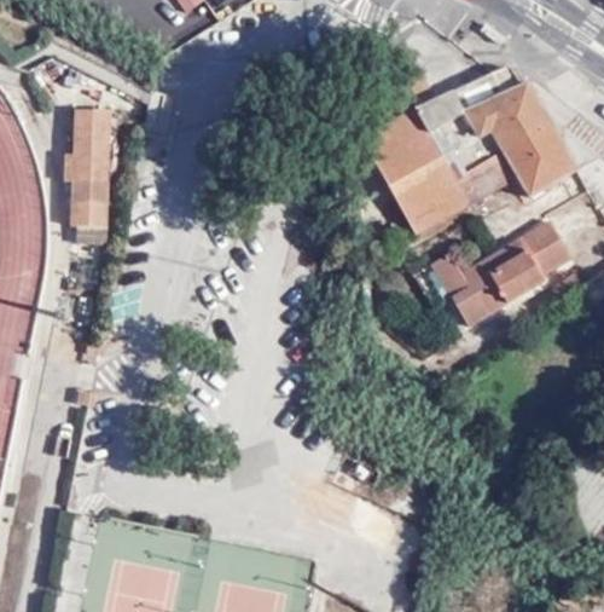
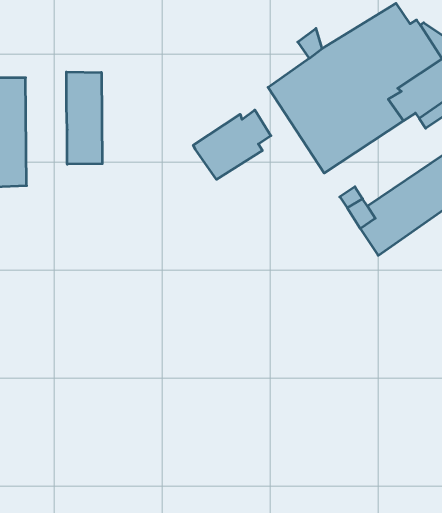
building: none -> [66,72,102,164]
building: none -> [193,110,271,179]

